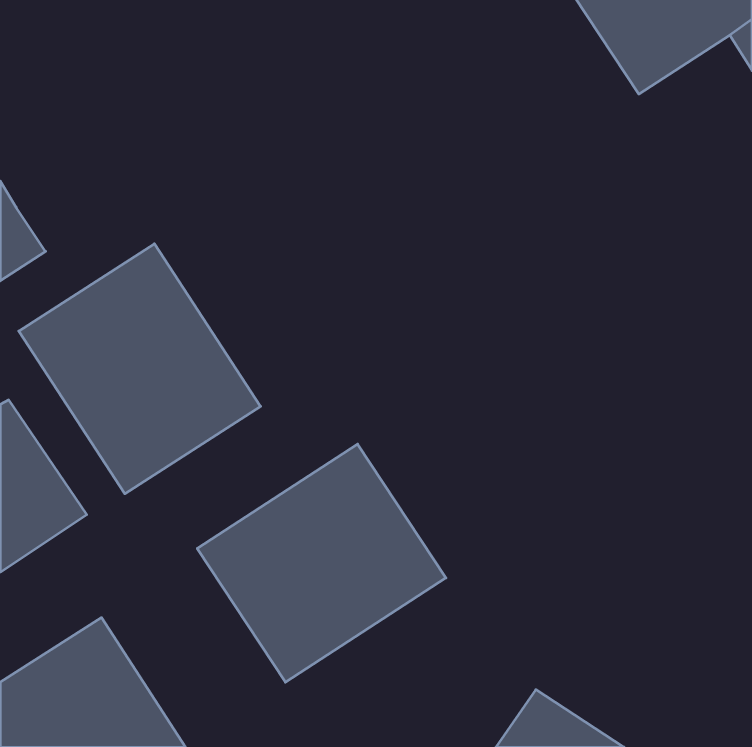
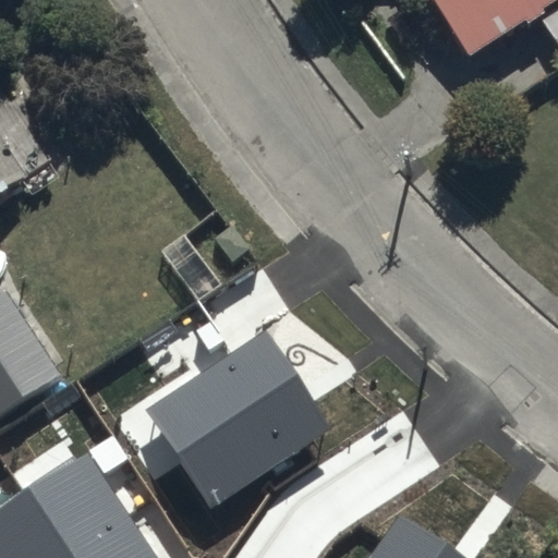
building: [19,244,261,494] -> none

